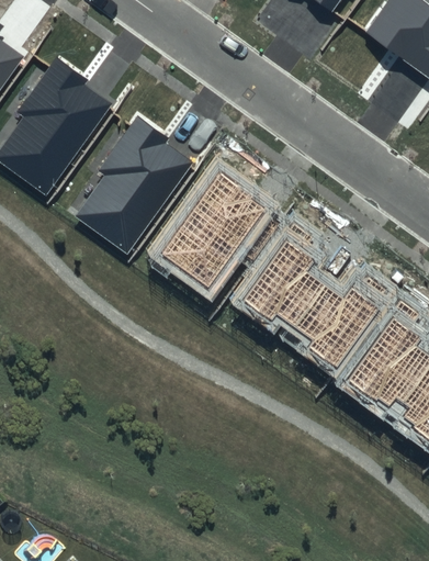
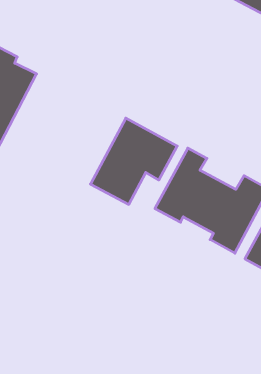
building: [74,116,190,253] -> none

